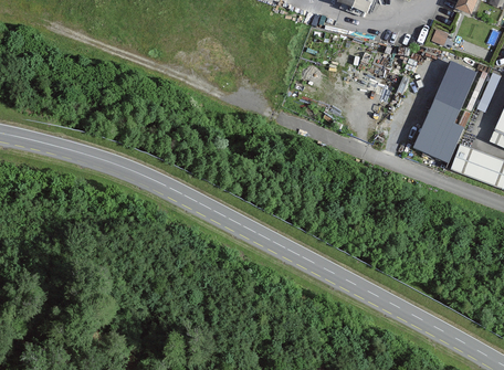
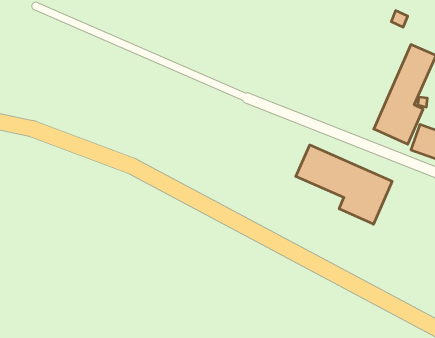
building: none -> [296,145,392,224]

